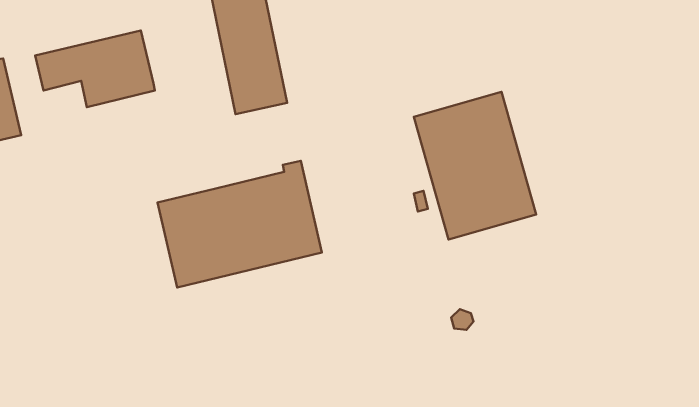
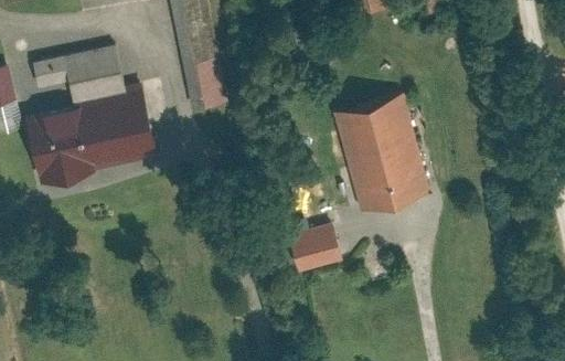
building: [158,161,322,287] -> [26,83,157,183]
building: none -> [288,223,341,272]

